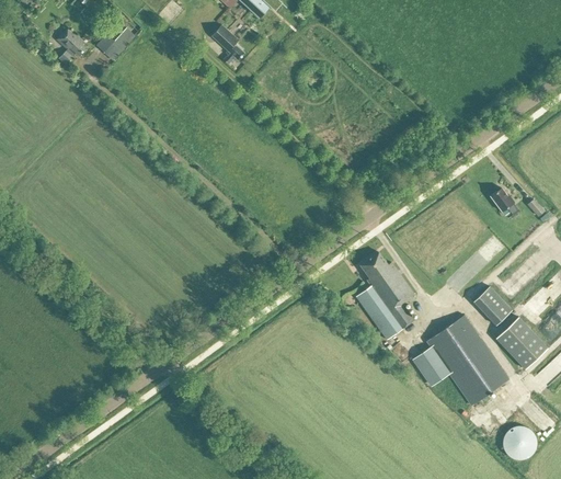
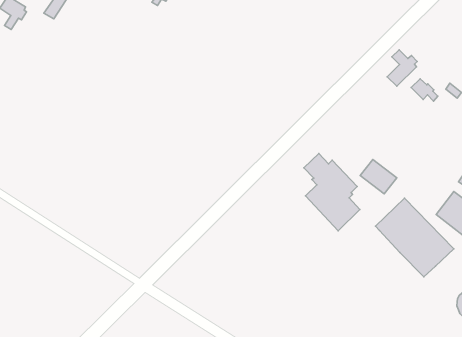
building: none -> [387,50,417,86]
building: [472,286,512,326] -> [360,159,397,194]
building: [411,346,449,387] -> none

